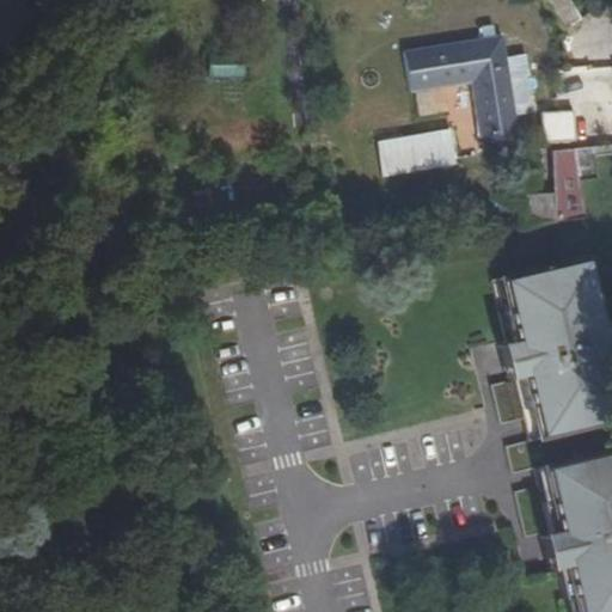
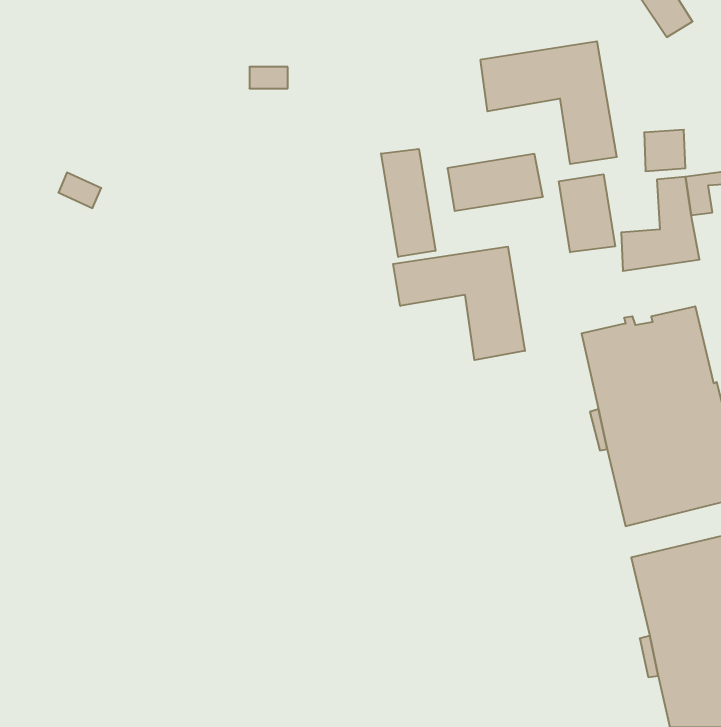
building: none -> [381,149,435,257]
building: none -> [559,174,615,252]
building: none -> [393,247,525,360]

